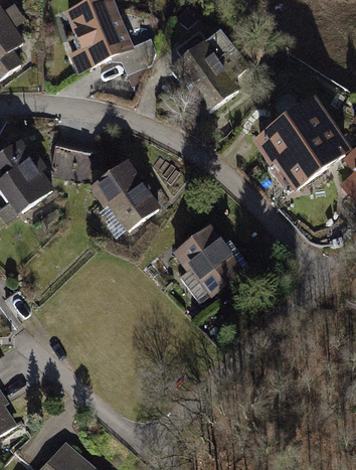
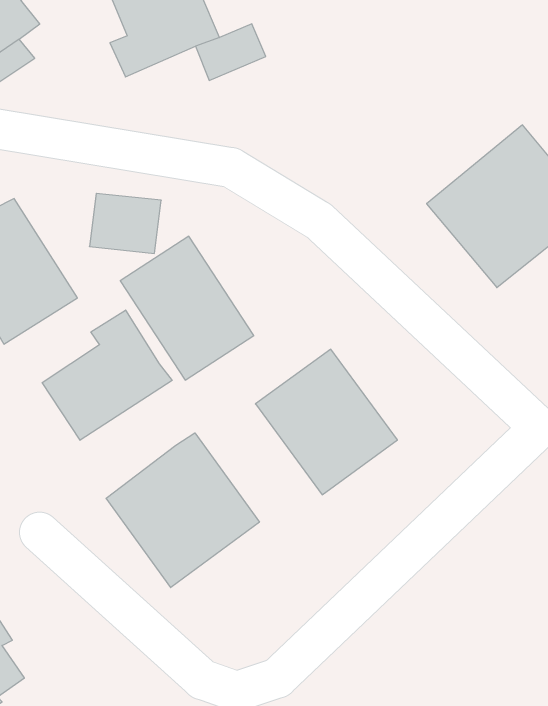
building: [173,40,247,110] -> none
building: none -> [42,310,172,440]
building: none -> [106,433,259,588]

